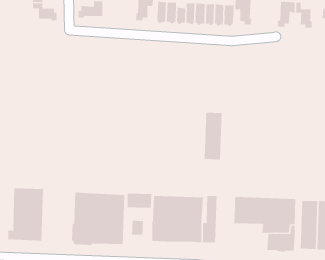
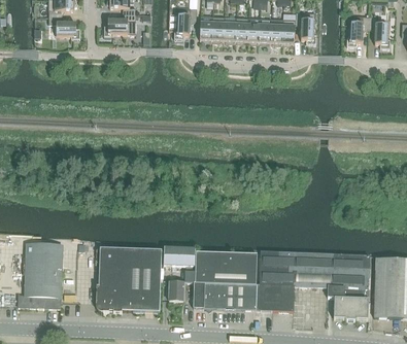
building: [204,112,222,160] -> [272,251,295,310]

